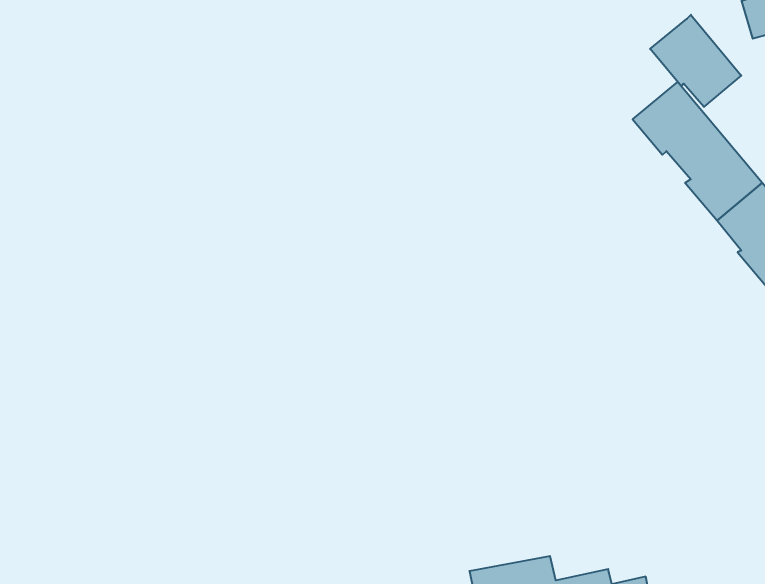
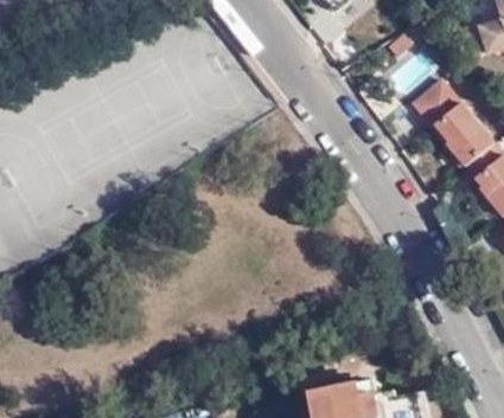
building: [650,15,741,107] -> none

